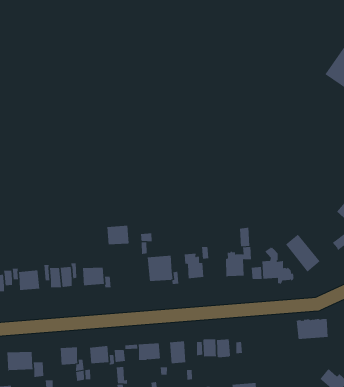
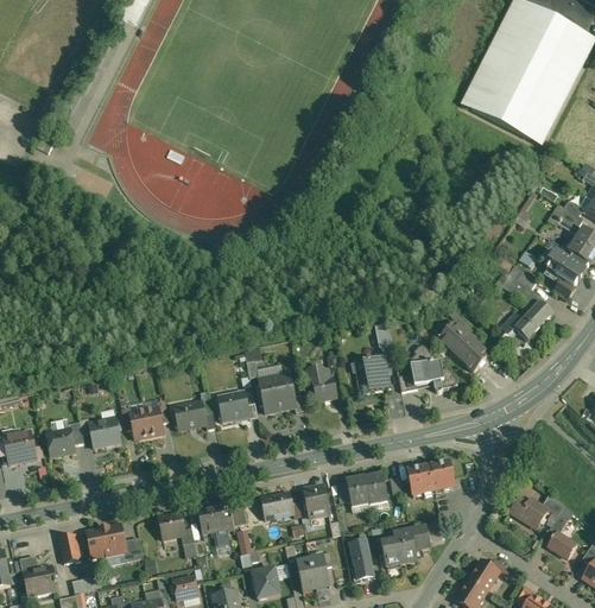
building: [107,225,129,245] -> [217,391,251,420]
building: [296,318,328,339] -> [407,462,454,495]

